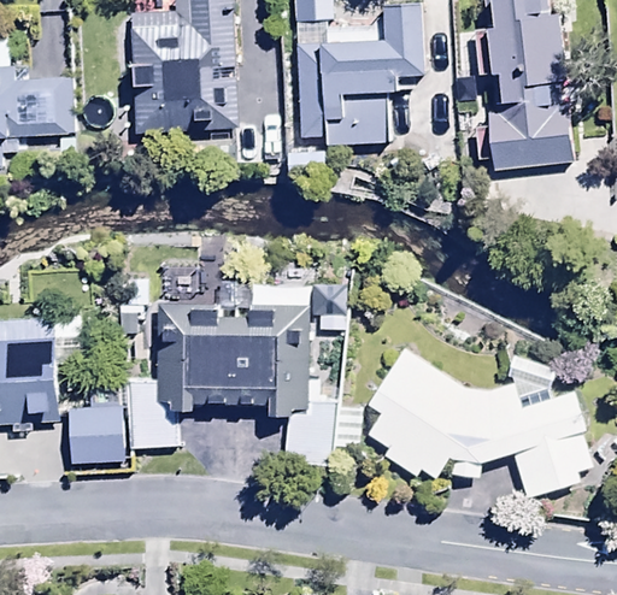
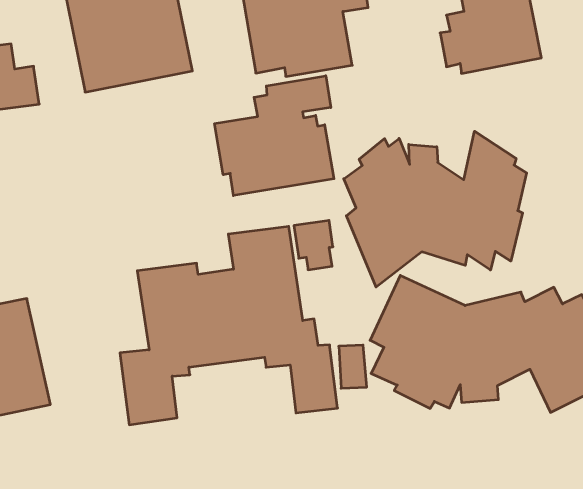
building: none -> [215,76,334,196]
building: none -> [344,131,527,287]
building: [66,405,123,463] -> none

